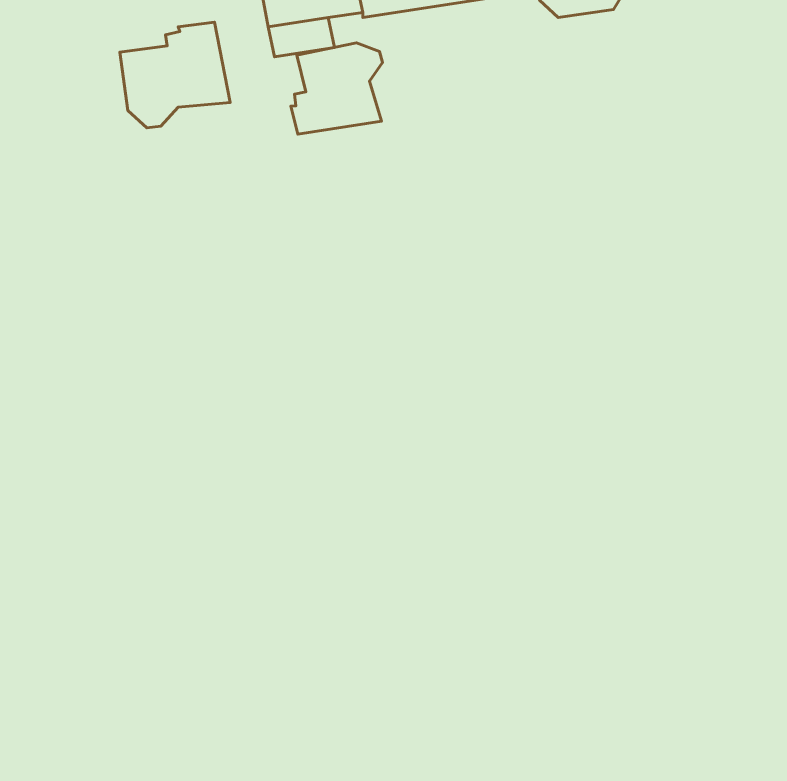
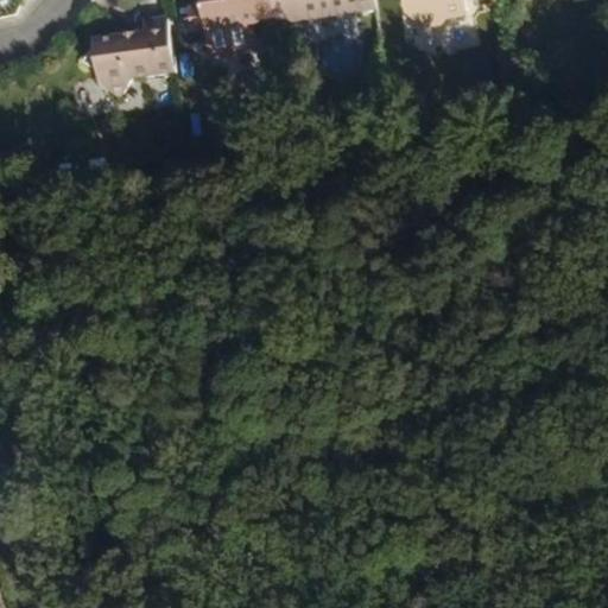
building: [291,43,383,134] -> none

